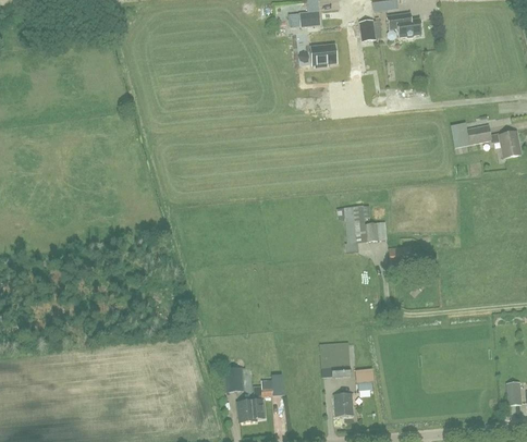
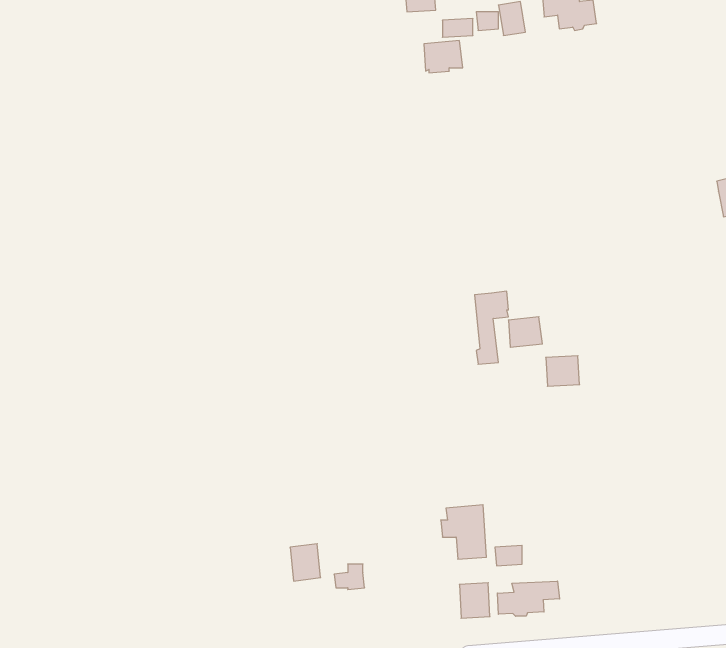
building: [452,124,491,147] -> none
building: none -> [497,581,560,616]
building: [237,398,265,421] -> none

